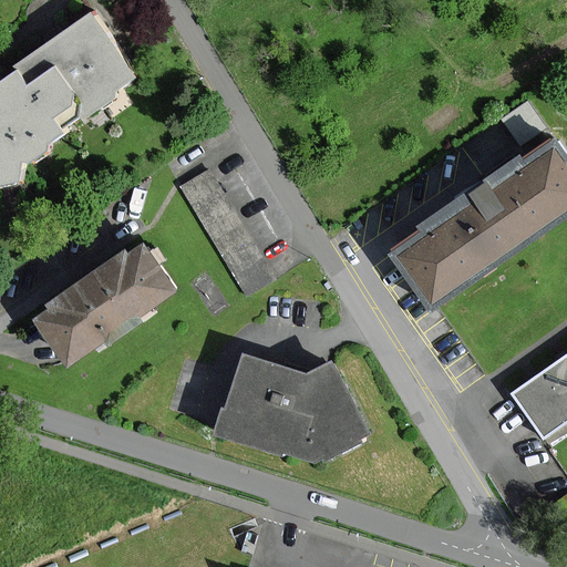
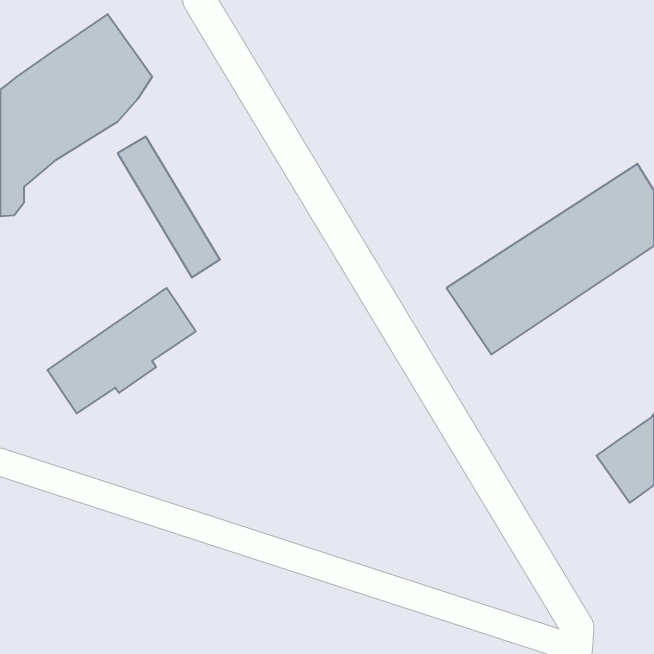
building: [184,172,272,293] -> [118,137,220,277]
building: [212,355,369,462] -> none

